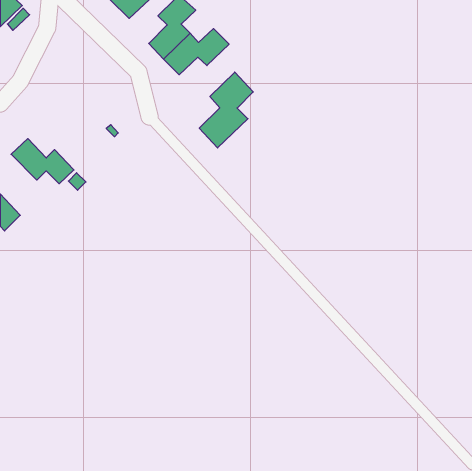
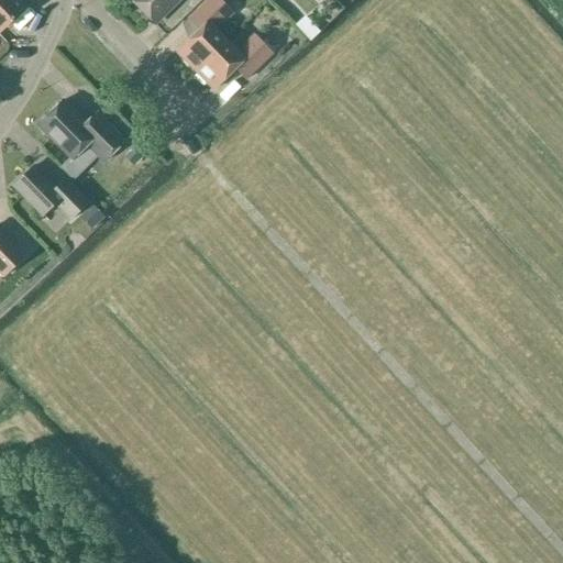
building: [199,72,253,148] -> none
building: none -> [38,100,124,162]

